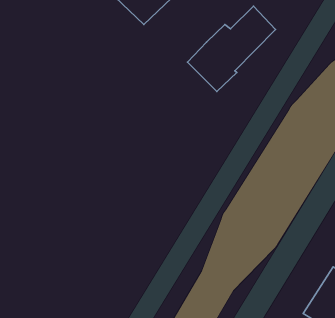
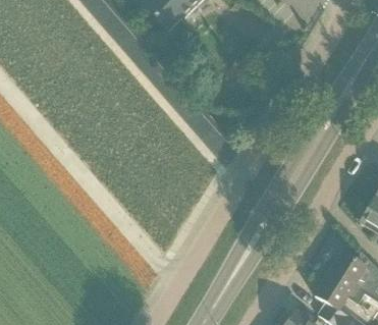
building: [187,6,275,91] -> none

